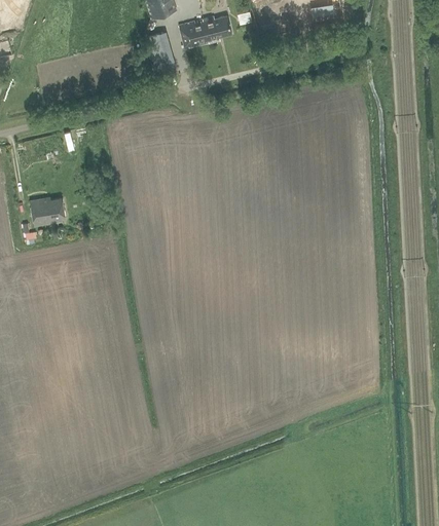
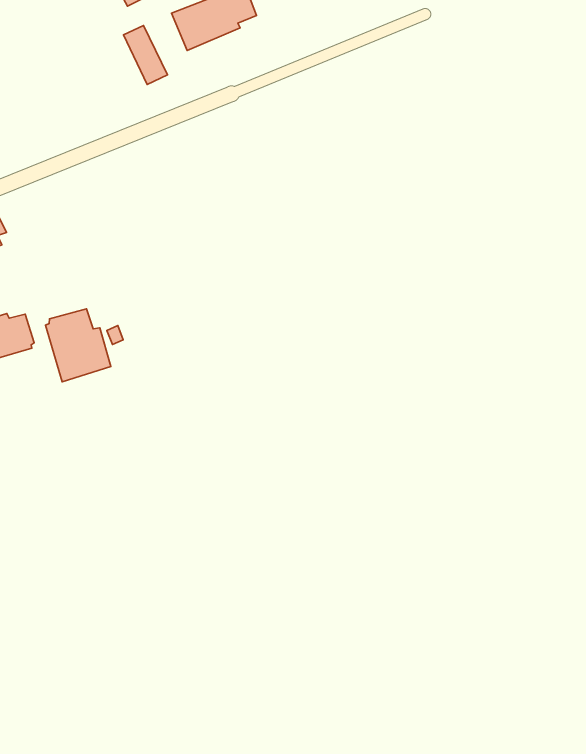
building: none -> [45,309,111,382]

